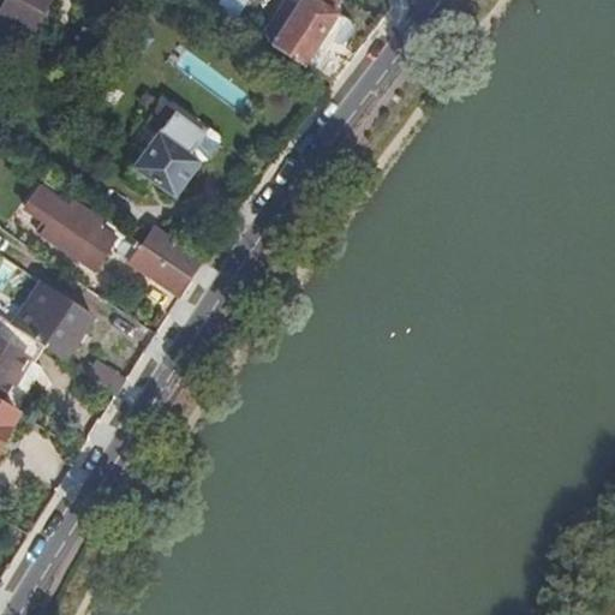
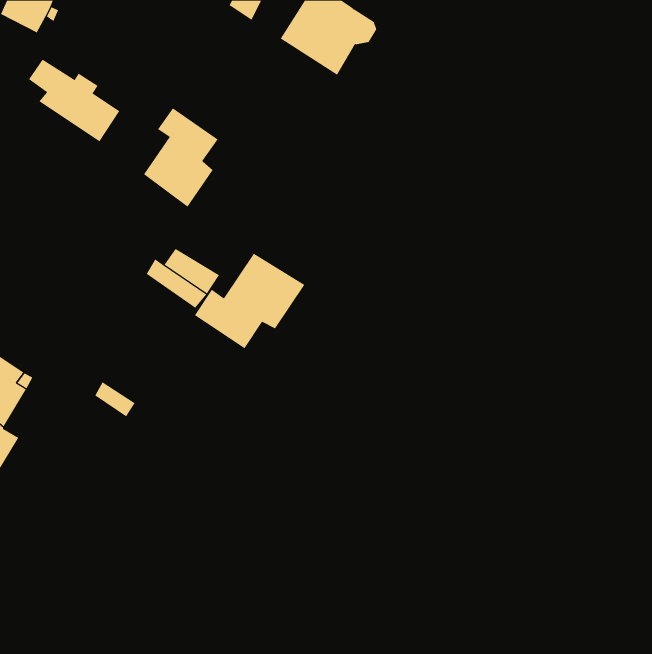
building: [28,187,114,265] -> [28,59,120,142]
building: none -> [194,253,305,349]
building: [12,279,91,356] -> none

